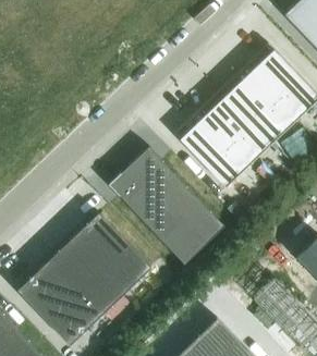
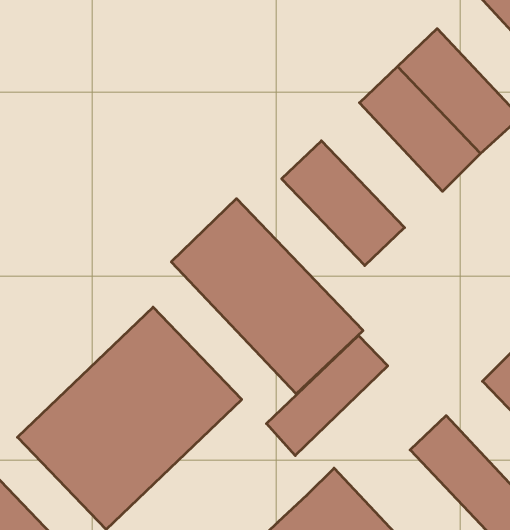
building: [202,91,275,167] -> none
building: none -> [266,336,388,456]

